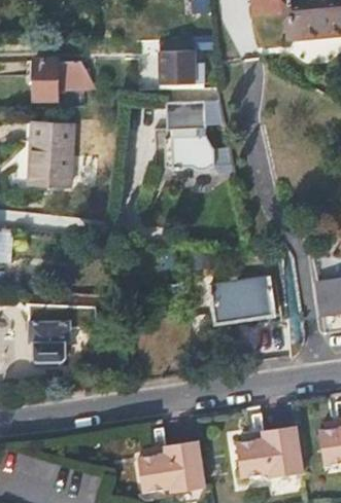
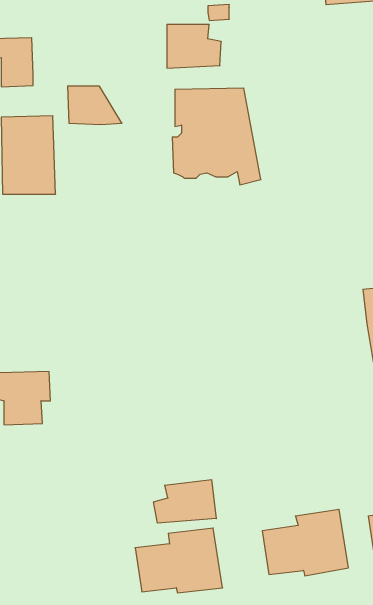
building: [57,61,99,91] -> [68,86,122,124]
building: [209,278,273,325] -> none
building: none -> [154,480,216,523]

